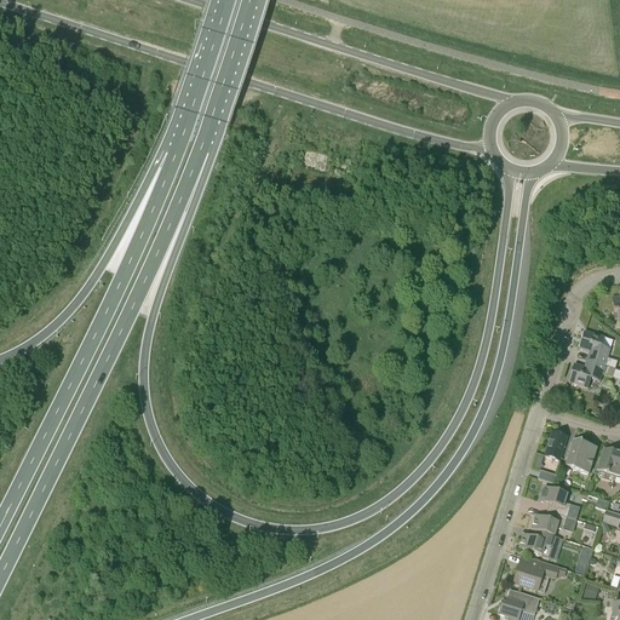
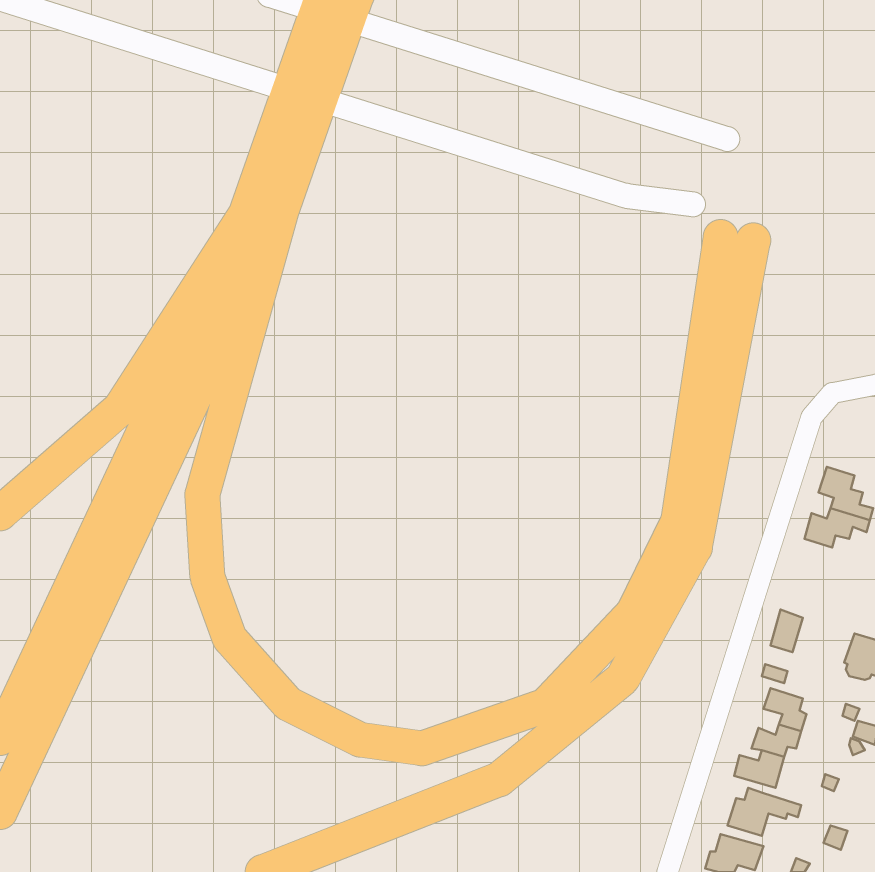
building: [566,438,597,472] -> none

